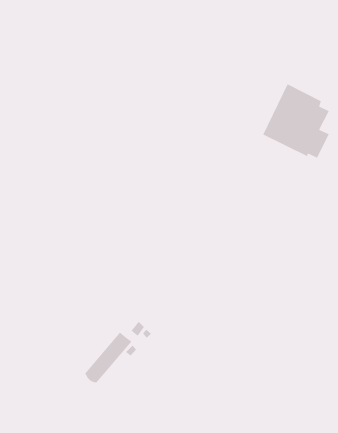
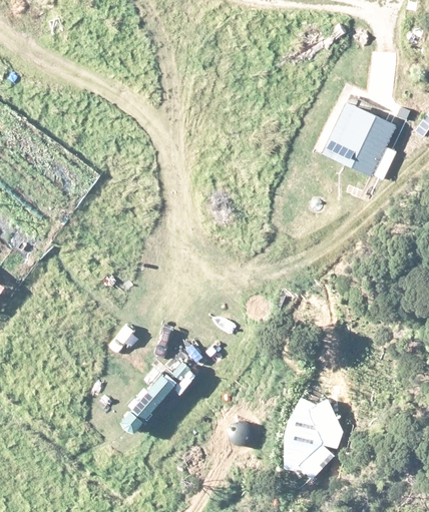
building: none -> [297,400,341,477]

